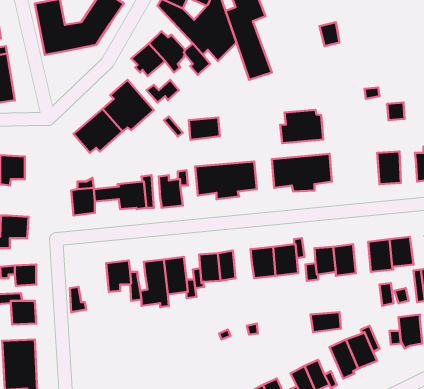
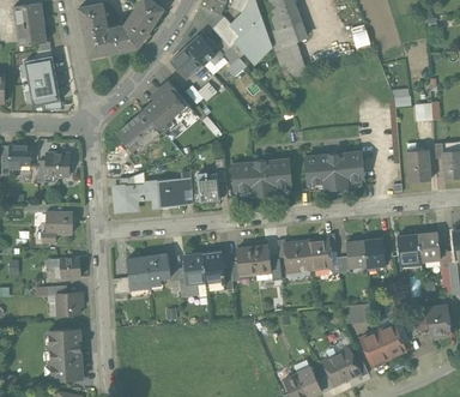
building: [280,110,323,143] -> none
building: [189,118,220,140] -> none
building: none -> [127,257,150,287]

